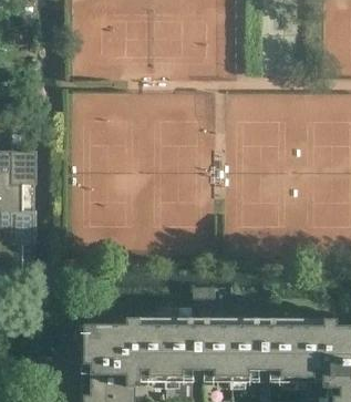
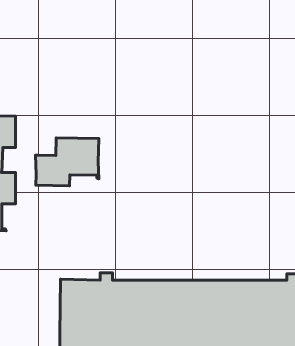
building: none -> [36,138,99,186]

